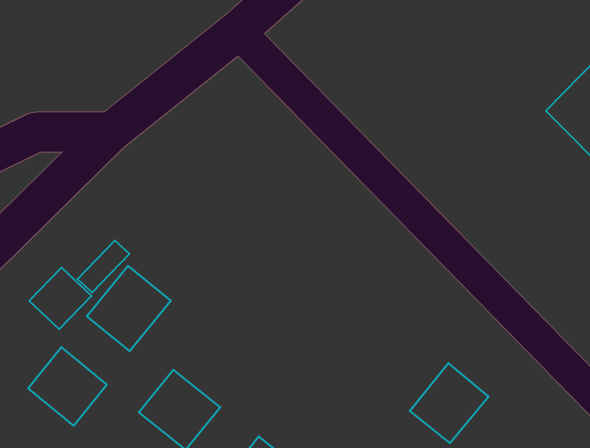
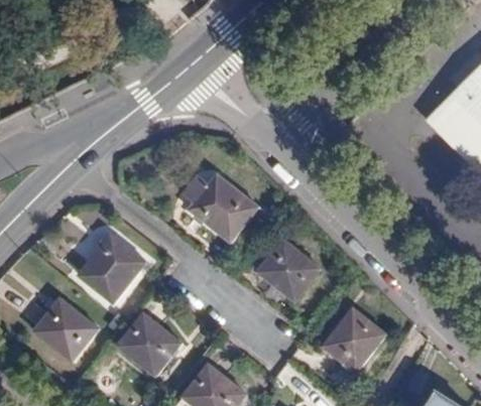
building: none -> [184,173,260,240]
building: [29,267,92,329] -> none
building: none -> [259,240,320,300]

